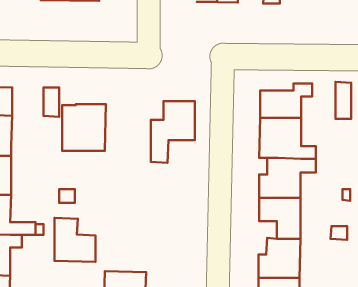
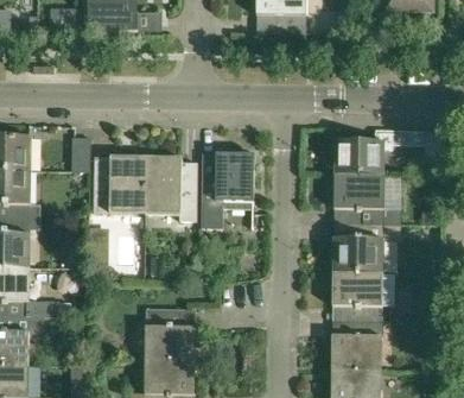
building: none -> [145,157,196,220]
building: [54,218,95,262] -> [145,308,195,361]

